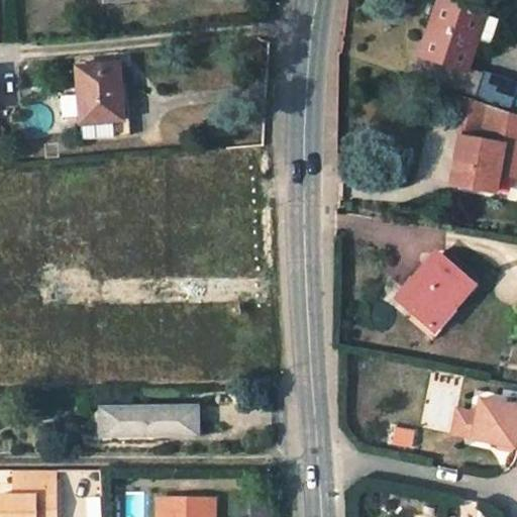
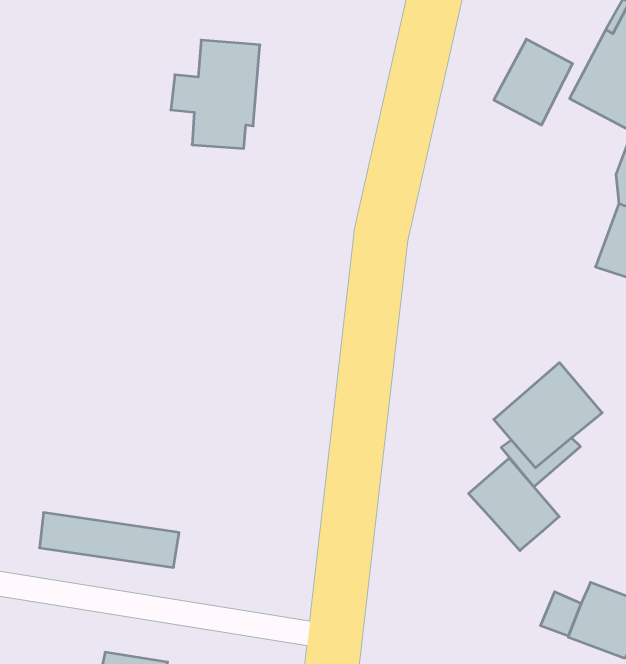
building: none -> [494,39,573,125]
building: [66,65,124,139] -> [171,40,260,148]
building: none -> [469,458,559,551]

